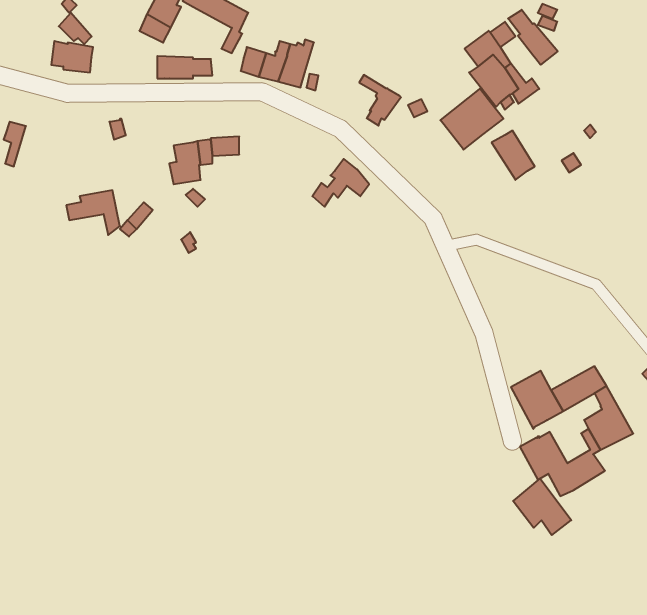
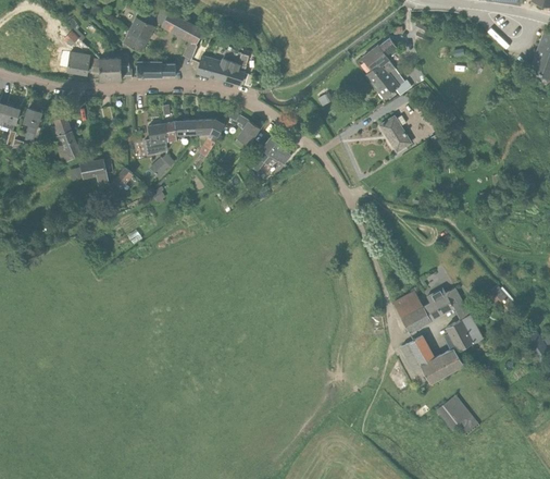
building: [508,10,558,65] -> none
building: none -> [99,58,132,79]
building: [359,75,401,126] -> [229,111,260,148]
building: [440,88,503,150] -> none
building: none -> [51,115,79,162]
building: none -> [196,119,224,161]
building: [513,478,571,535] -> [437,394,479,435]

